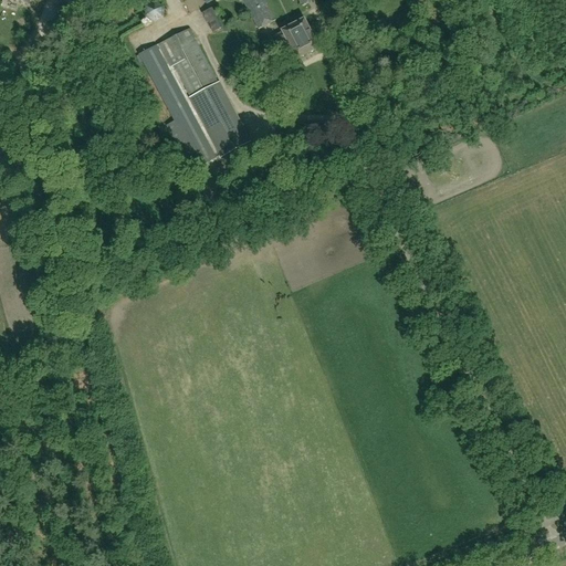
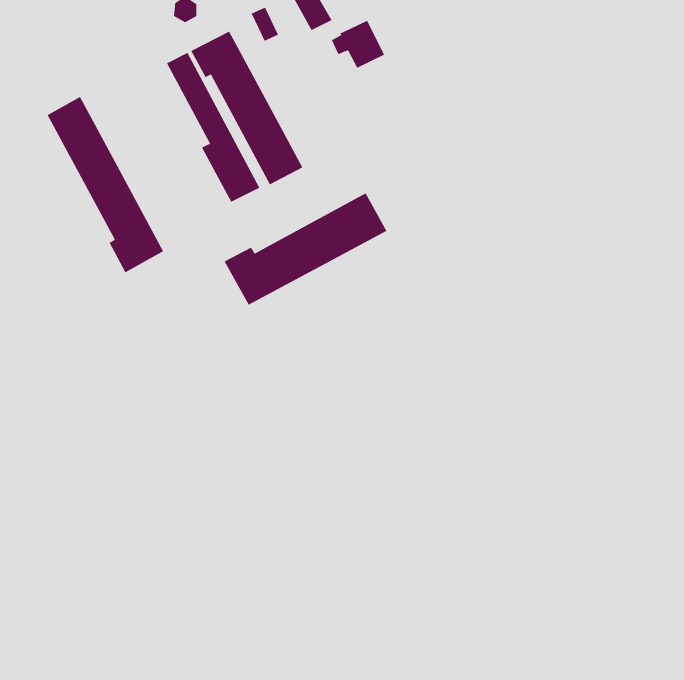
building: none -> [47,96,164,273]
building: none -> [224,193,387,306]

